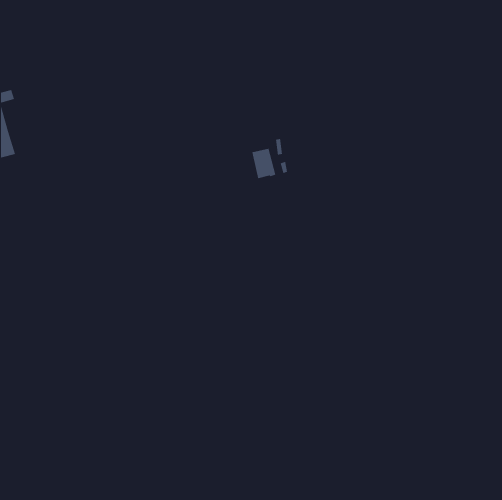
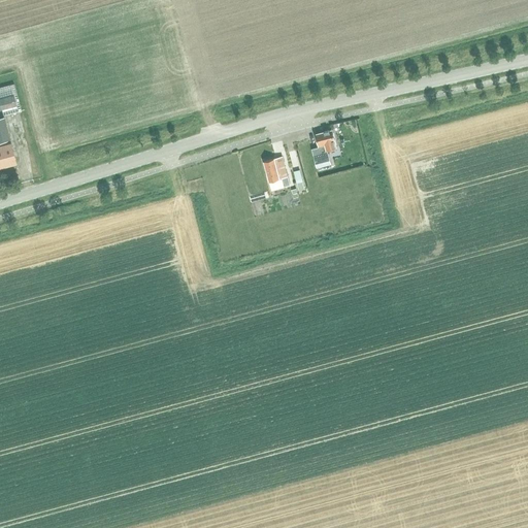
building: none -> [311,131,336,169]

